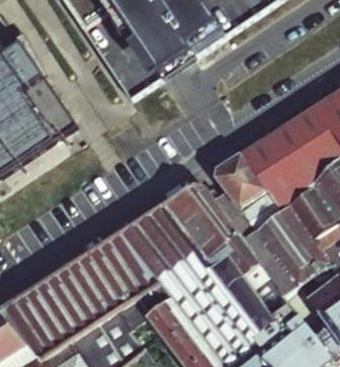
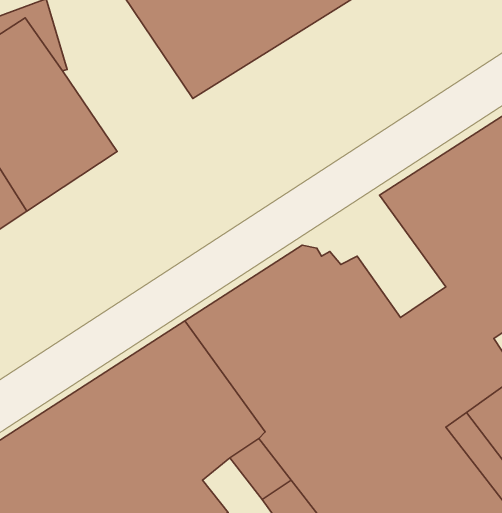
building: [214,151,282,227] -> none

